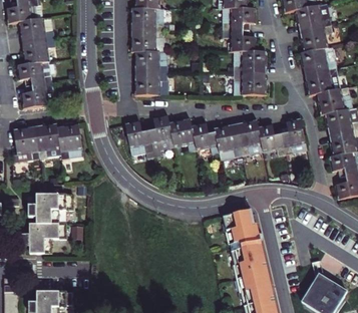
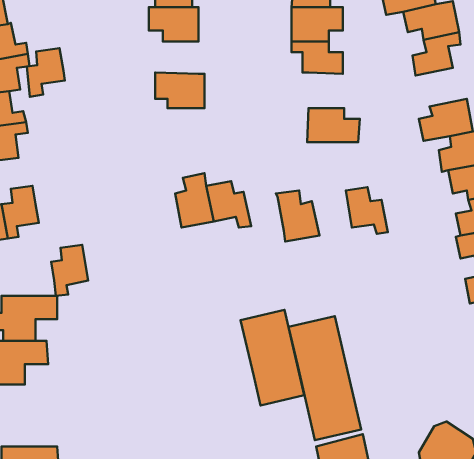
building: [131,30,163,51] -> none
building: none -> [27,48,65,97]
building: [301,46,337,72] -> none
building: [235,50,268,73] -> none
building: [134,73,167,94] -> none
building: [282,118,307,153] -> none
building: [237,120,263,155] -> none
building: [125,121,152,154] -> none
building: [193,123,219,153] -> none
building: [58,124,82,158] -> [51,245,88,296]
building: none -> [241,310,304,405]

